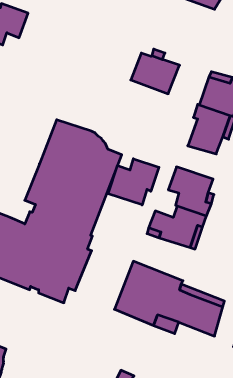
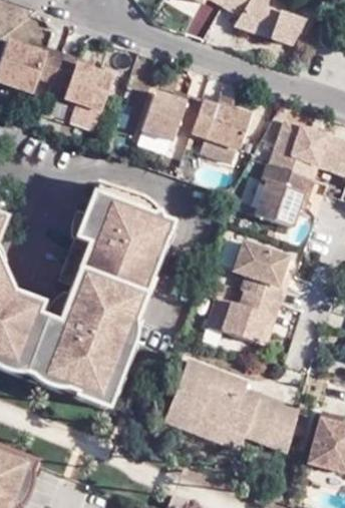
building: none -> [44,52,109,130]
building: none -> [136,89,200,141]
building: [108,159,159,205] -> none

